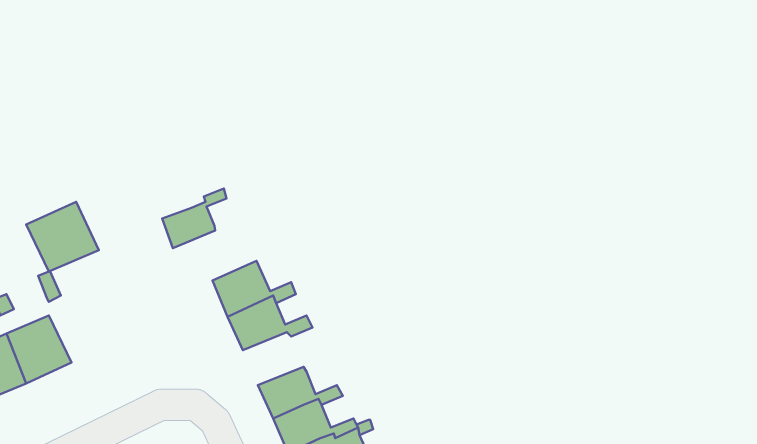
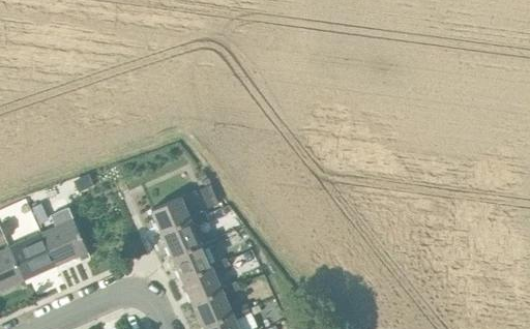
building: [162,188,226,248] -> none
building: [26,202,99,271] -> [38,219,88,267]
building: none -> [171,246,229,282]

